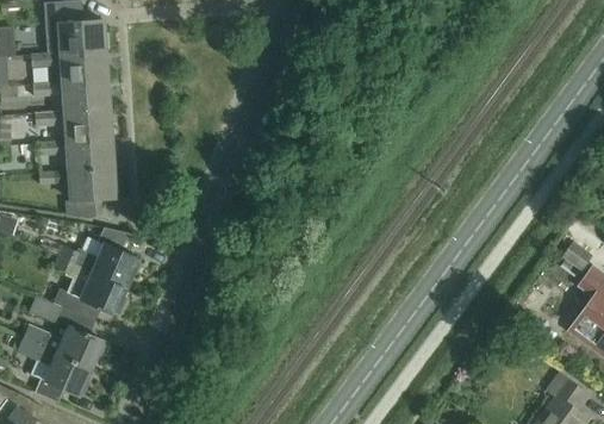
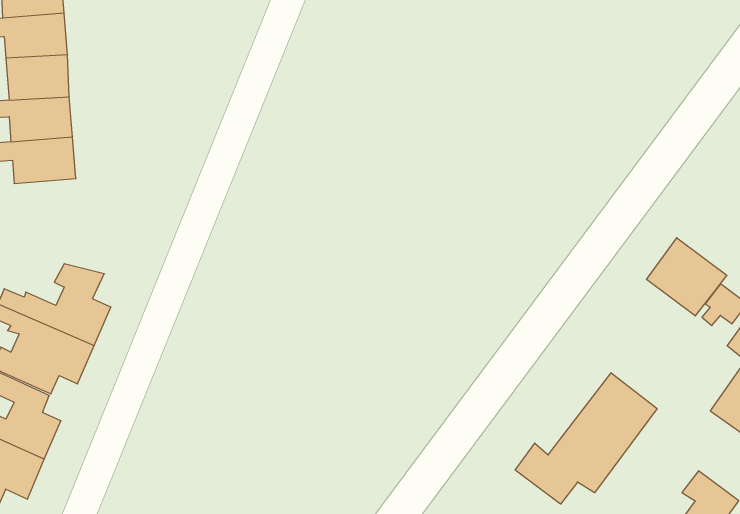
building: [64,167,114,216] -> none
building: none -> [647,238,727,316]
building: none -> [515,373,657,504]

